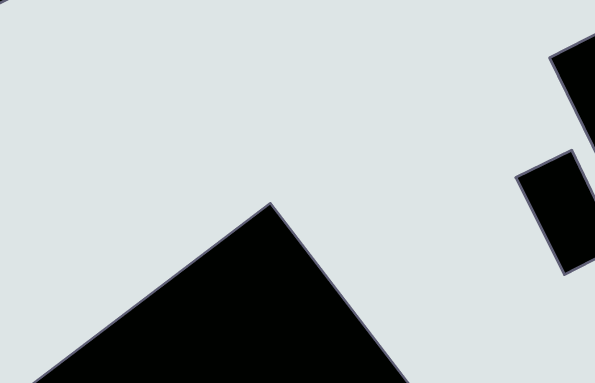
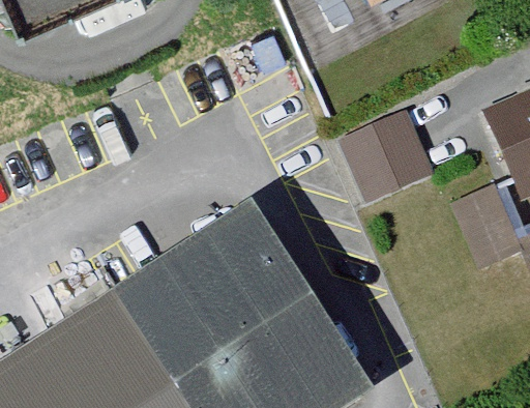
building: none -> [336,107,432,197]

